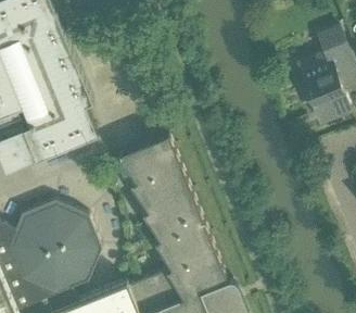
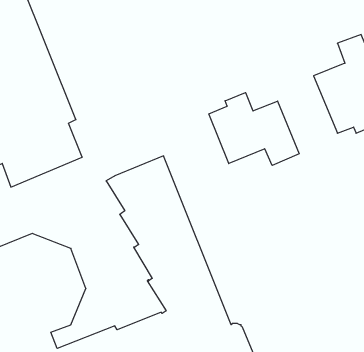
building: none -> [209,93,299,165]

